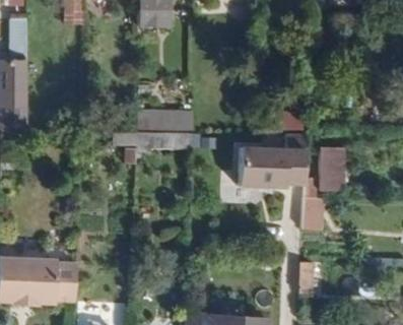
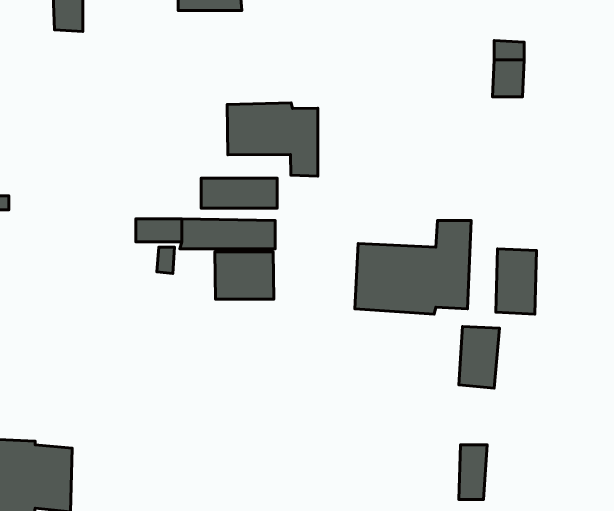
building: none -> [227,103,318,176]
building: none -> [215,252,274,299]

